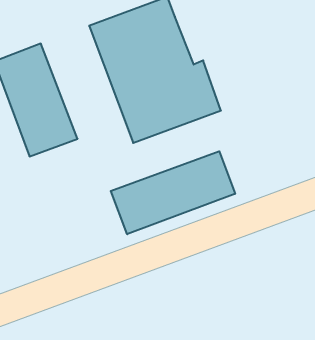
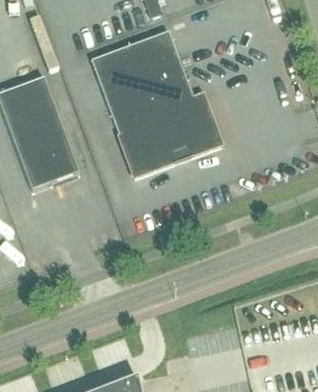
building: [111,151,235,234] -> none

